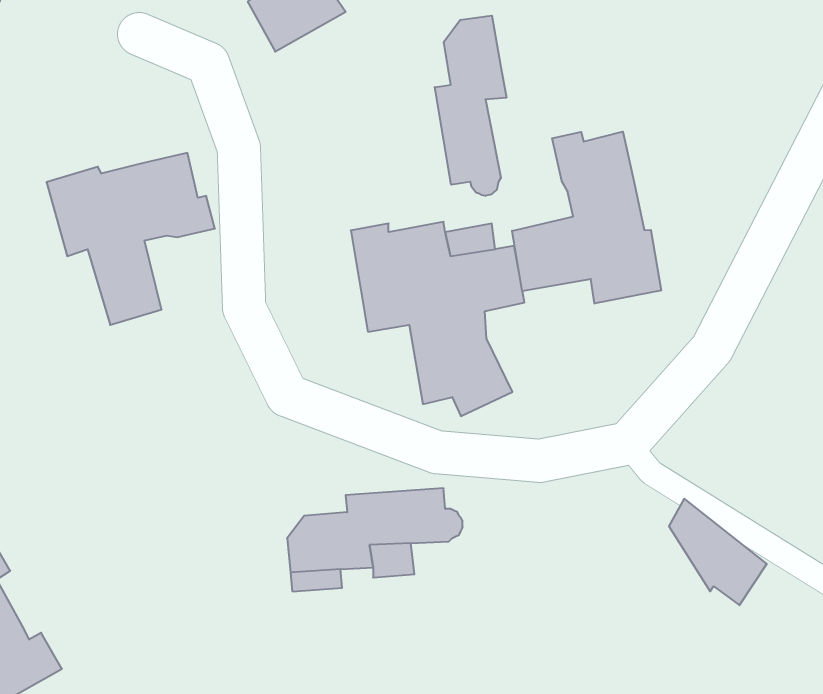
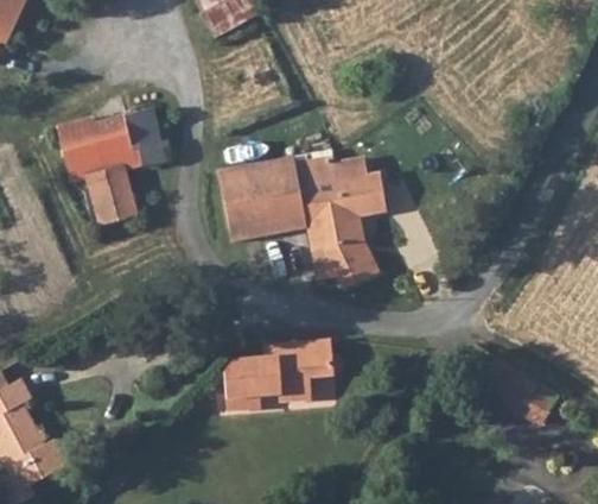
building: [435,16,506,196] -> none
building: [512,132,661,304] -> none
building: none -> [217,160,279,239]

